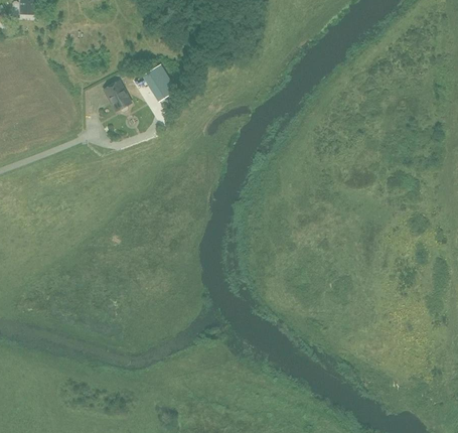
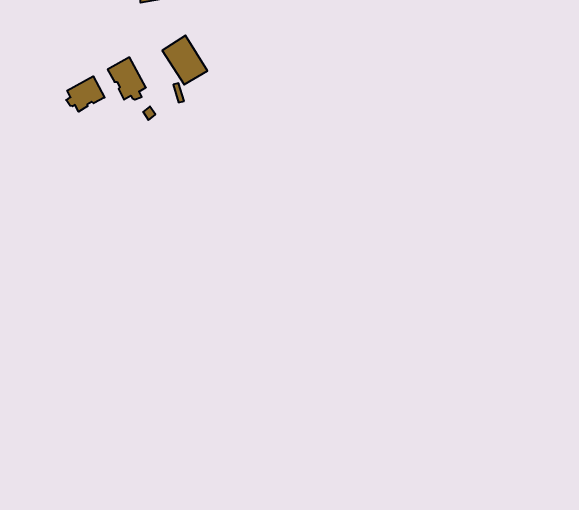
building: none -> [66,76,105,112]

